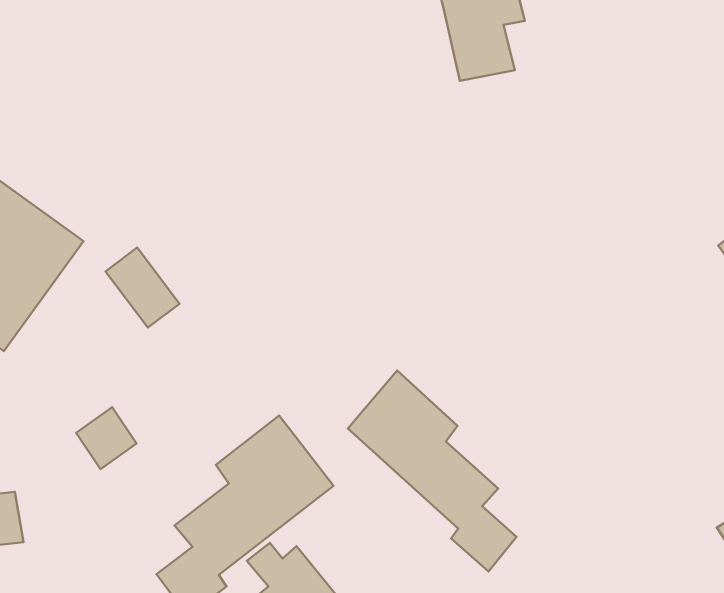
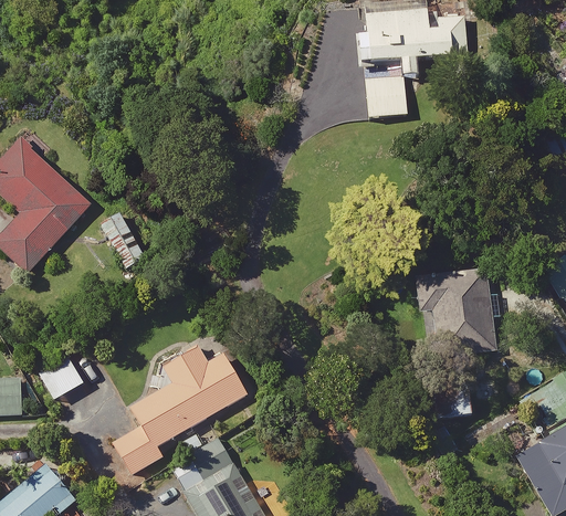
building: none -> [416,267,497,358]
building: [348,371,516,571] -> none
building: [76,407,136,469] -> [40,358,82,401]

